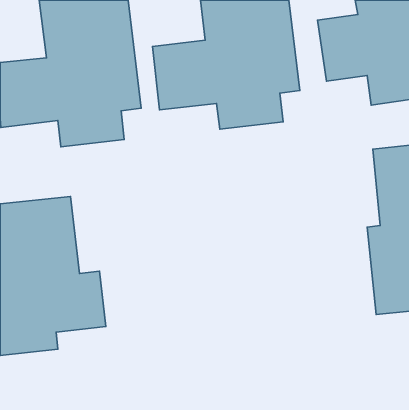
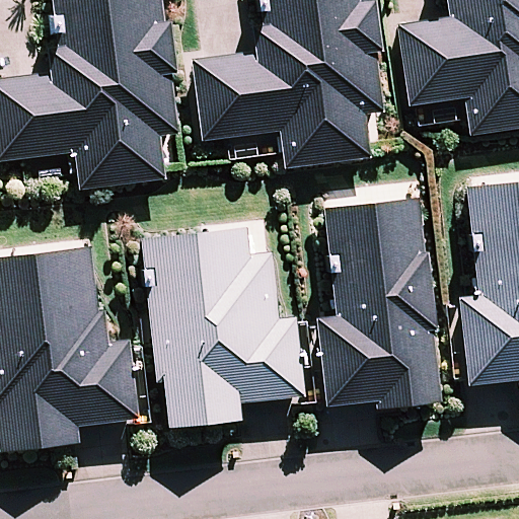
building: none -> [313,194,440,412]
building: none -> [149,241,277,423]

